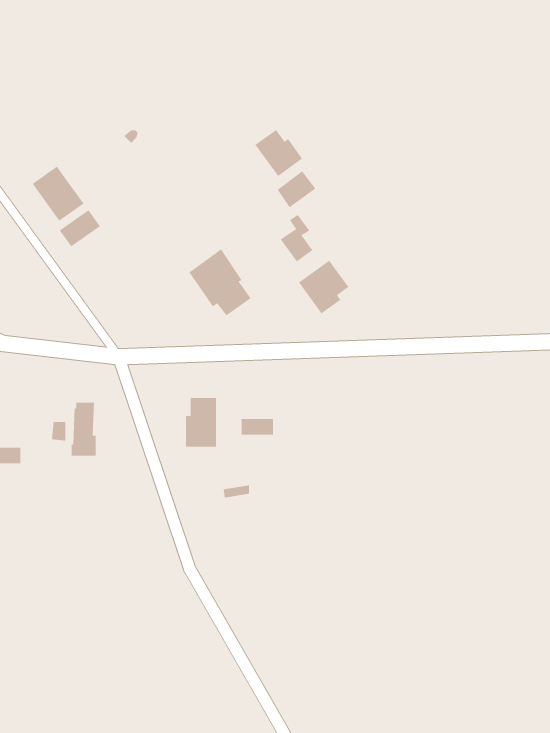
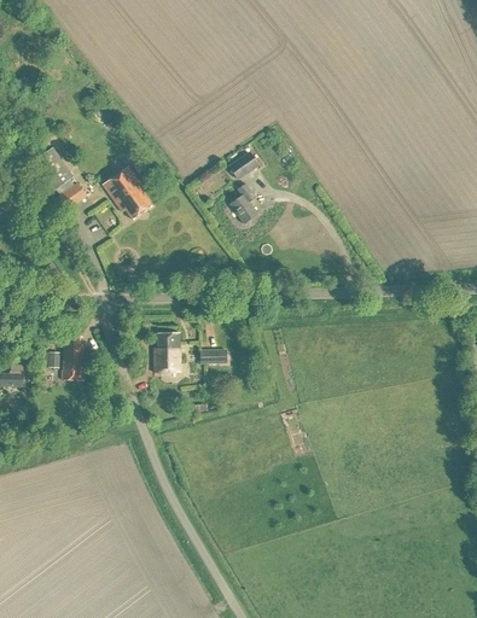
building: [255,129,303,177] -> none
building: [188,249,252,316] -> [103,165,153,220]
building: [298,260,349,314] -> none

